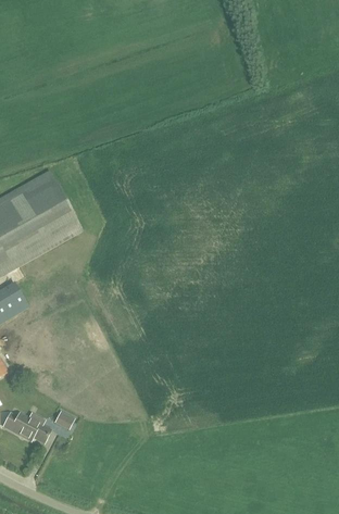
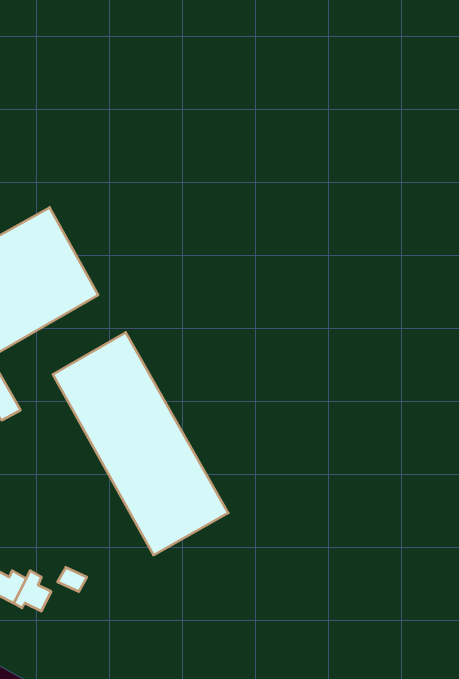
building: none -> [53,332,228,555]

